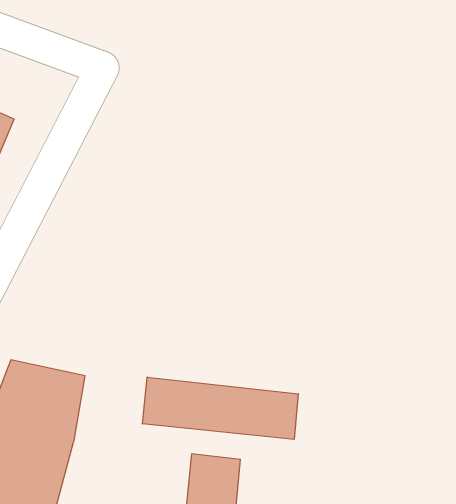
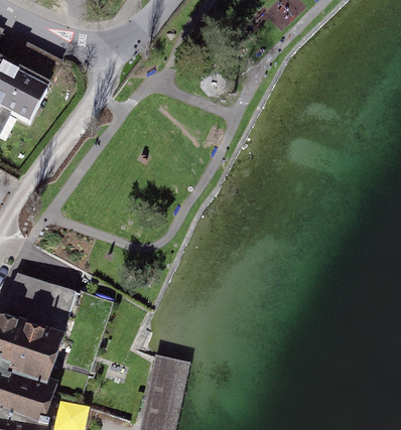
building: [143,377,298,439] -> none

